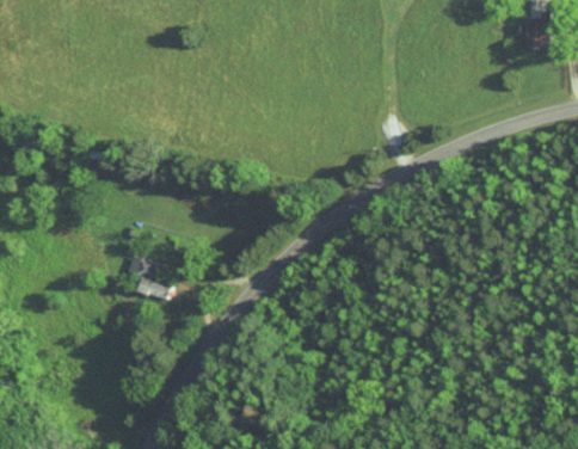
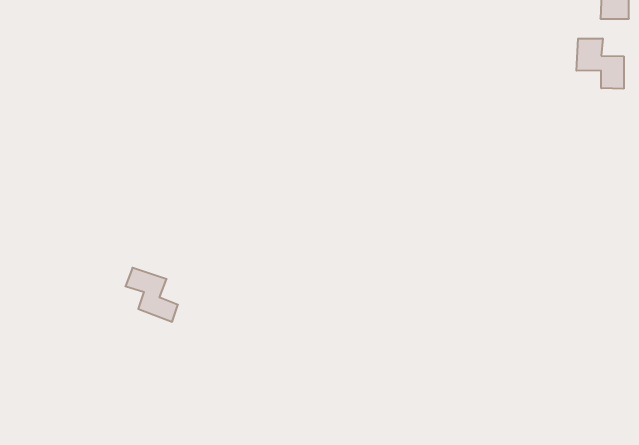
building: none -> [576,38,624,89]

